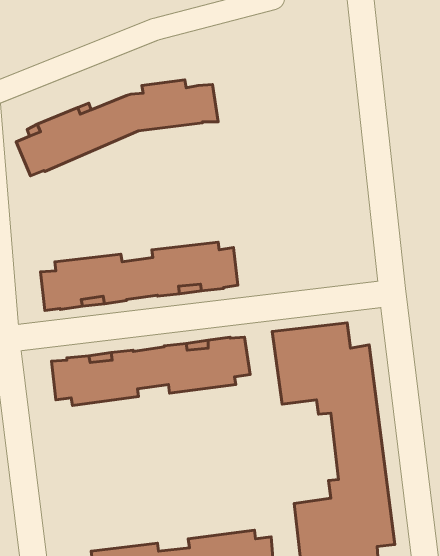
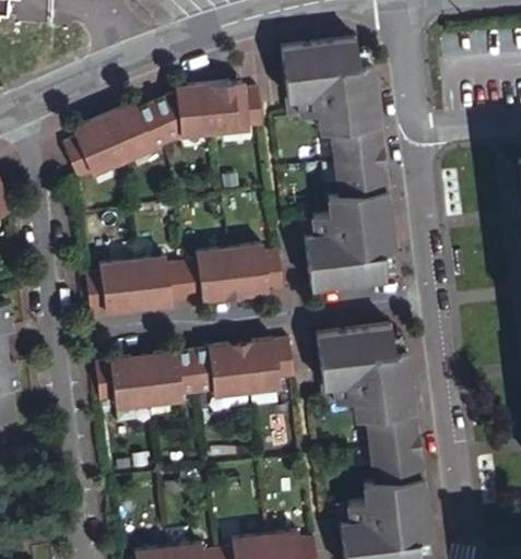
building: none -> [280,39,401,286]

